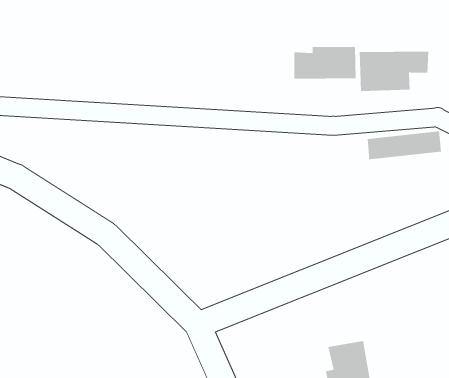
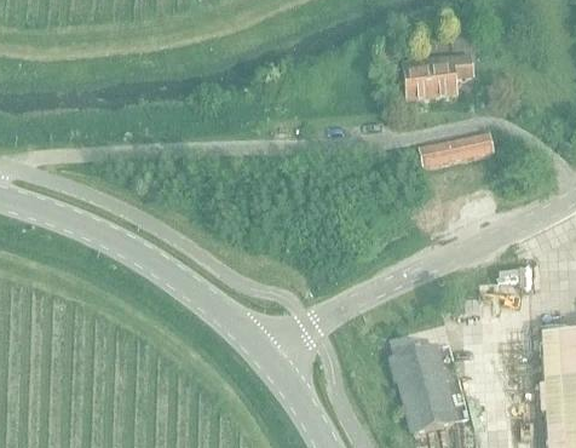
building: [294,46,356,80] -> none

